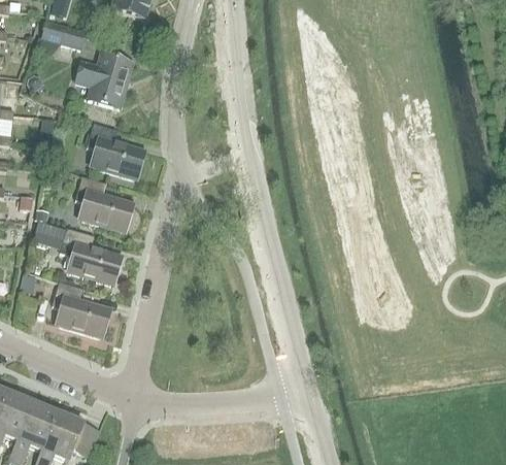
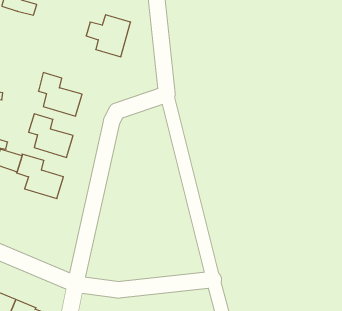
building: [75,54,132,107] -> [86,15,131,57]
building: [52,281,107,336] -> none

